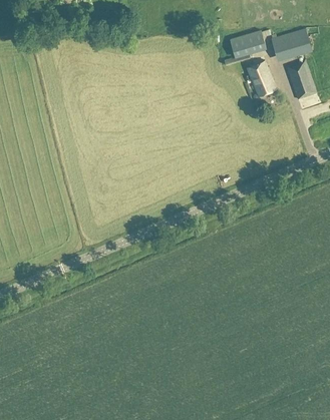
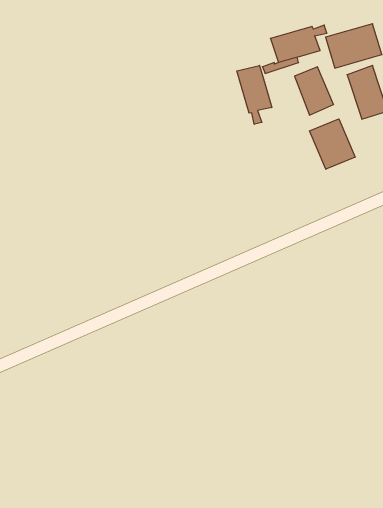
building: none -> [237,65,272,124]
building: none -> [309,119,355,169]

